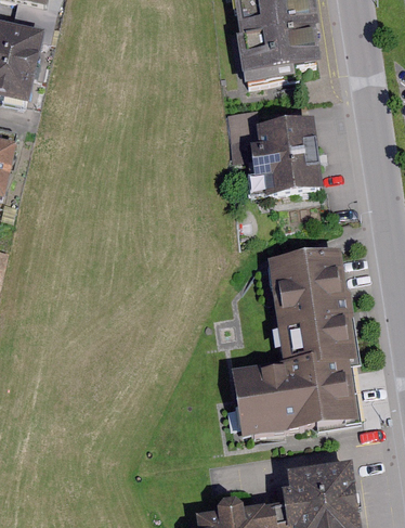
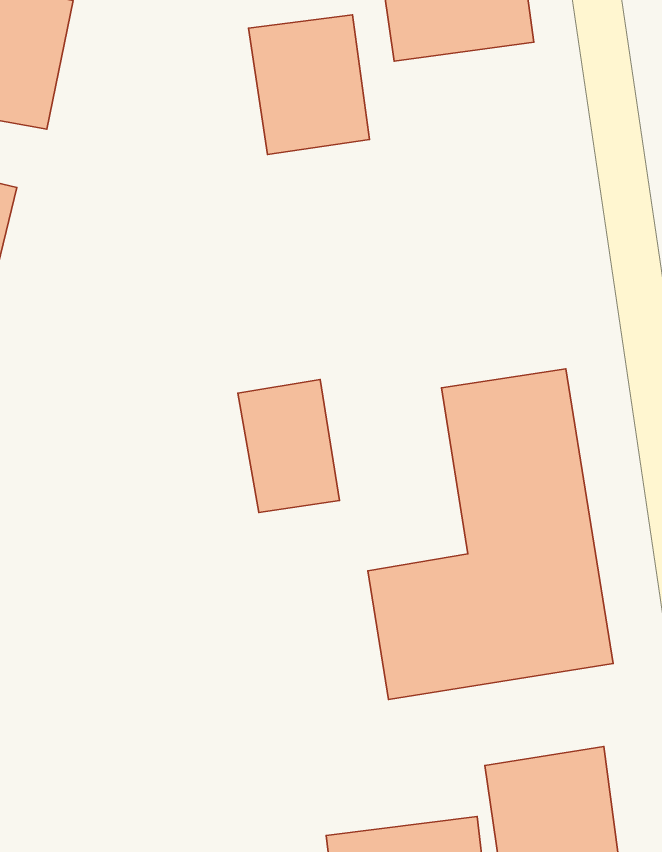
building: [257,116,326,196] -> [249,15,369,155]
building: none -> [238,379,340,513]

